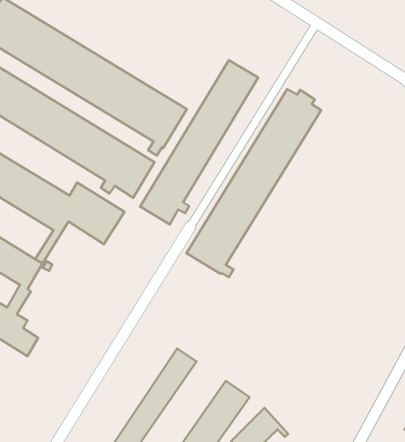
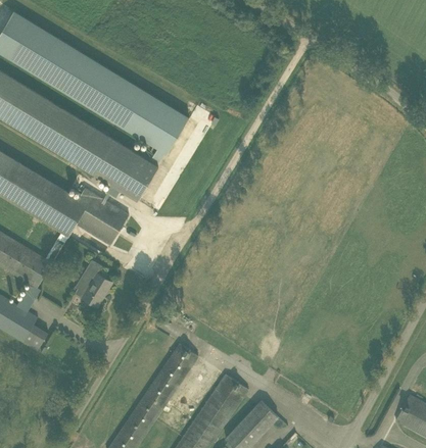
building: [140,60,258,225] -> none
building: [186,89,321,277] -> none
building: none -> [80,259,111,306]

